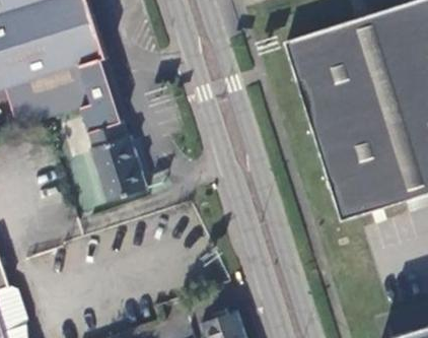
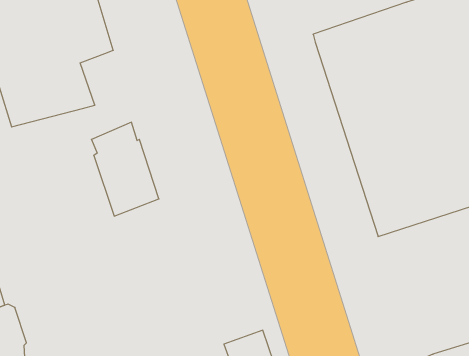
building: [78,60,124,137] -> none

